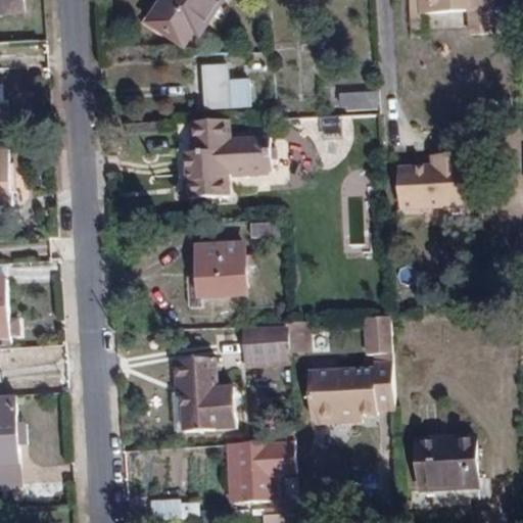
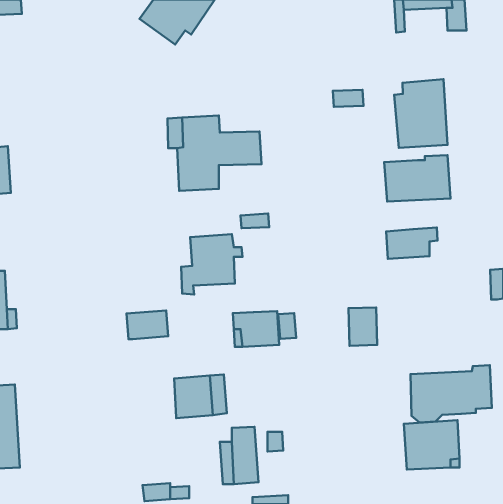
building: [204,63,248,108] -> none
building: none -> [394,79,447,148]
building: none -> [386,228,437,259]
building: [174,362,217,391] -> [127,310,168,339]
building: [311,365,394,424] -> [411,365,492,423]

